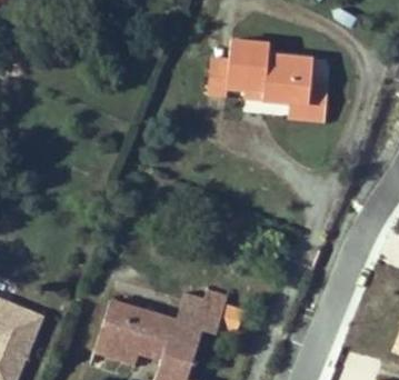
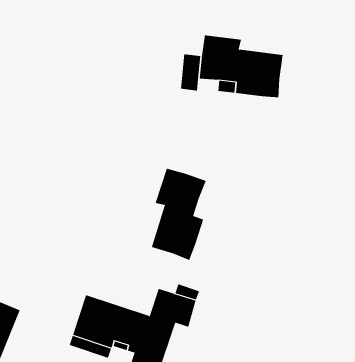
building: [287,82,327,120] -> none
building: none -> [151,168,206,261]

